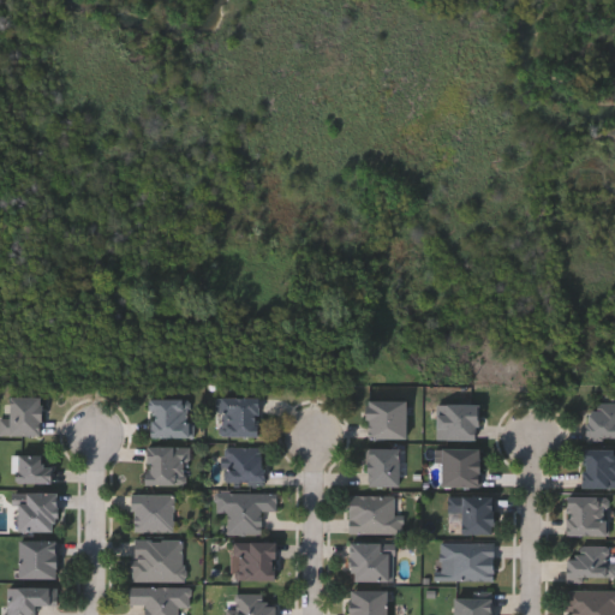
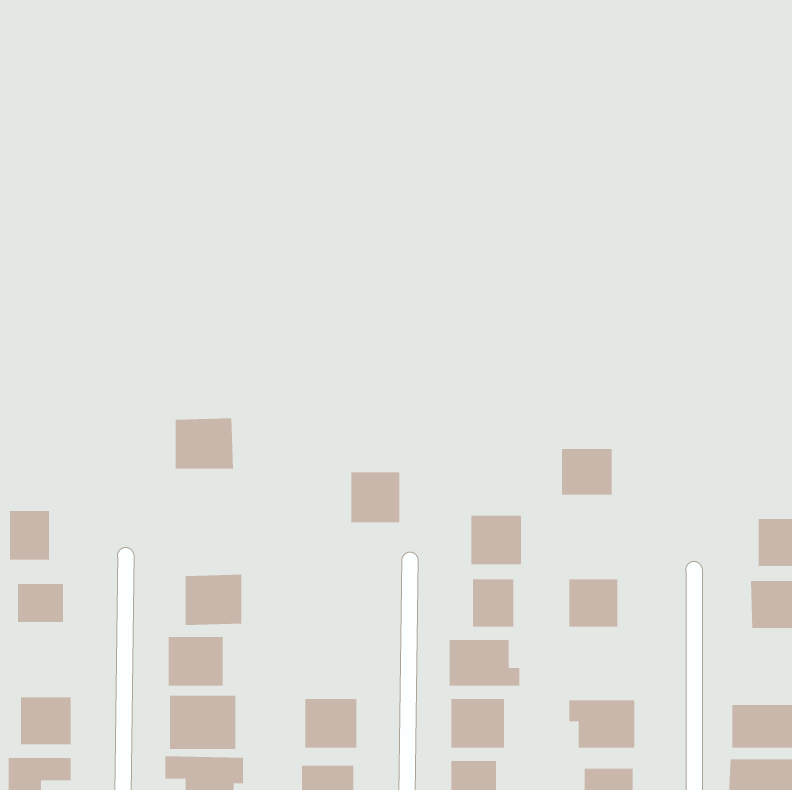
building: [148,399,193,438] -> [175,418,234,469]
building: [219,399,257,438] -> [350,472,400,523]
building: [436,405,476,441] -> [561,448,613,495]
building: [225,448,264,485] -> none
building: [219,492,277,535] -> none
building: [17,494,56,532] -> none
building: [449,497,492,536] -> none
building: [567,498,609,537] -> none

